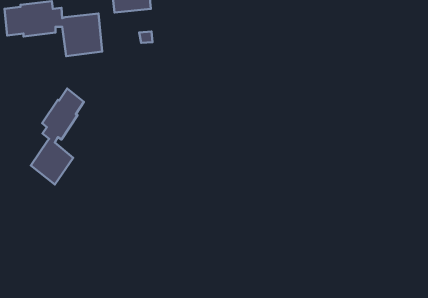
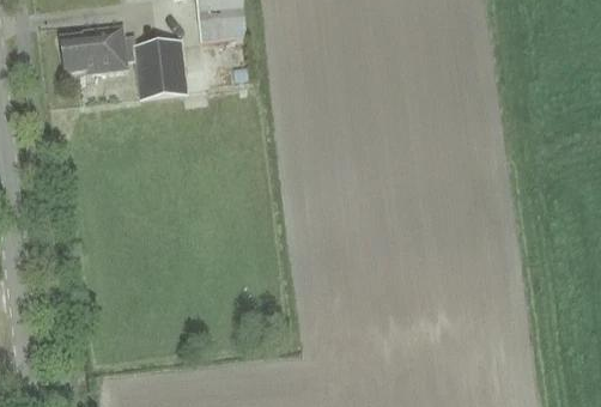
building: [31,89,84,185] -> none

